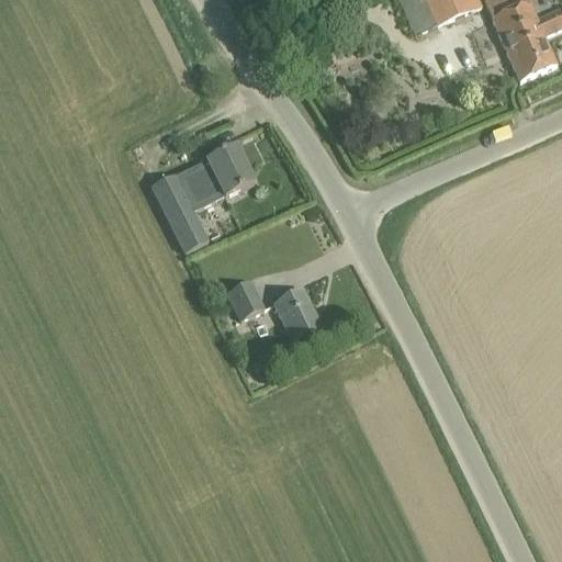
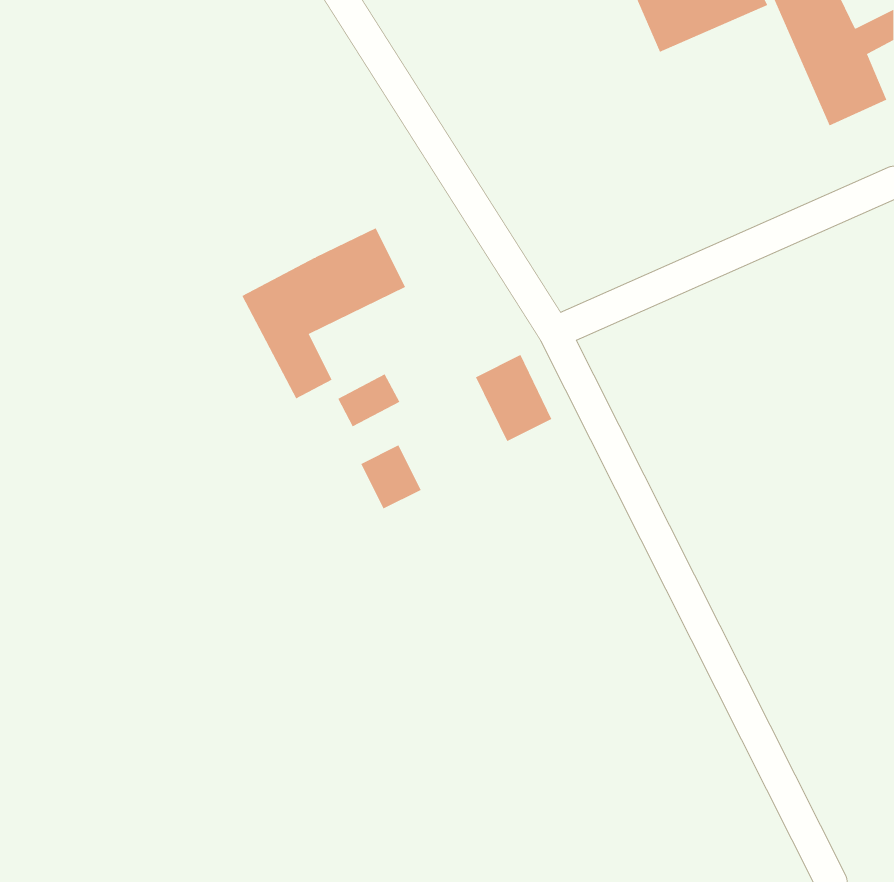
building: none -> [337,374,400,427]
building: [274,286,323,341] -> [475,354,552,442]

